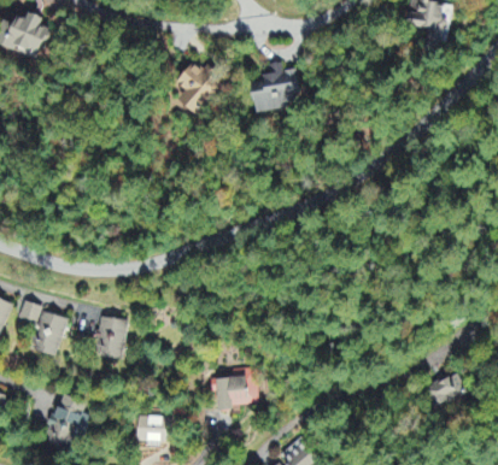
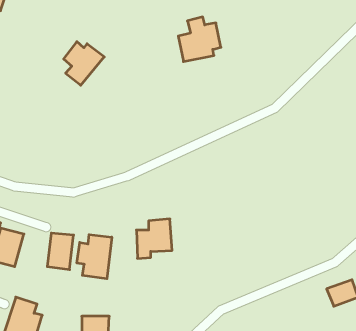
building: [176,61,224,113] -> [64,42,104,85]
building: none -> [77,235,112,279]
building: [216,365,258,412] -> [136,219,172,258]

